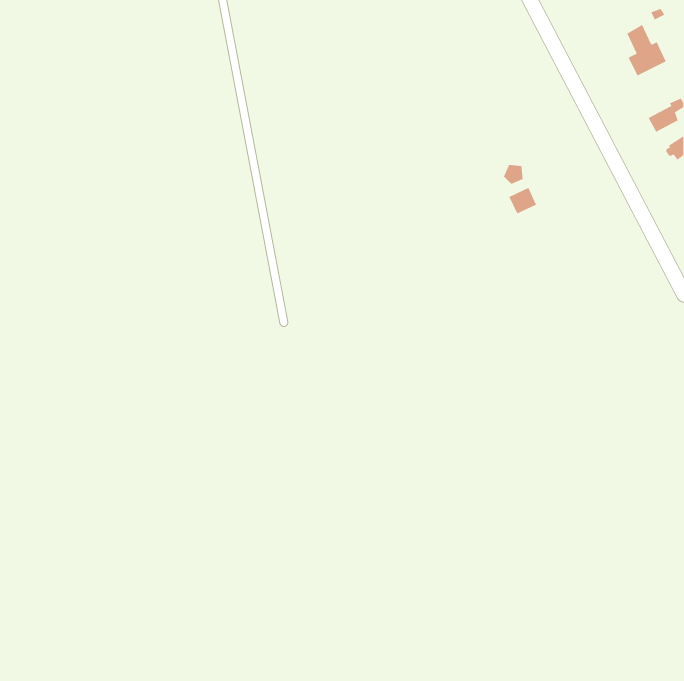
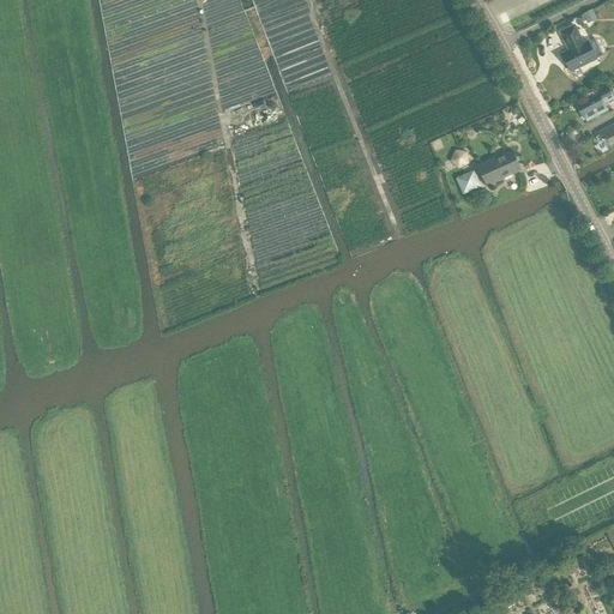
building: none -> [478,148,522,183]

